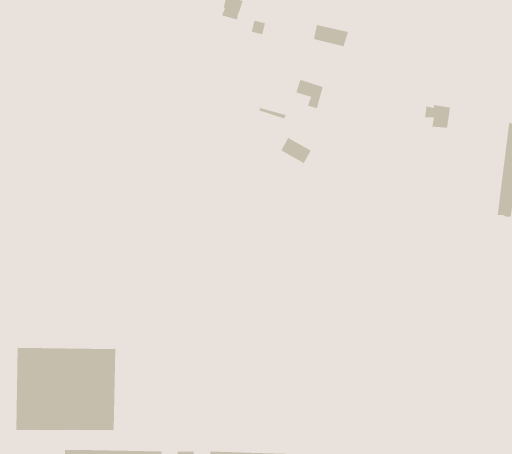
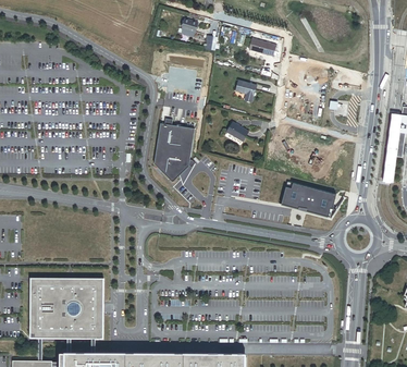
building: none -> [155,123,194,181]
building: none -> [281,183,336,220]

